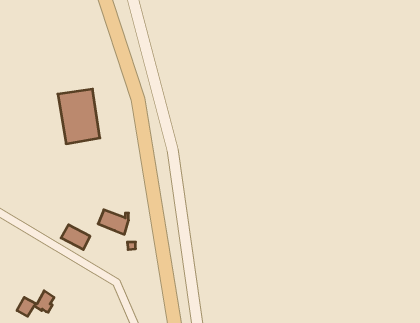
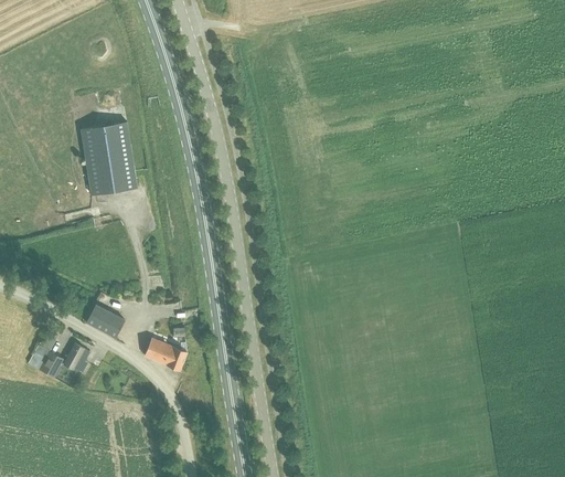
building: [98,210,129,234] -> [143,338,184,371]
building: [17,291,54,316] -> [38,342,87,377]

